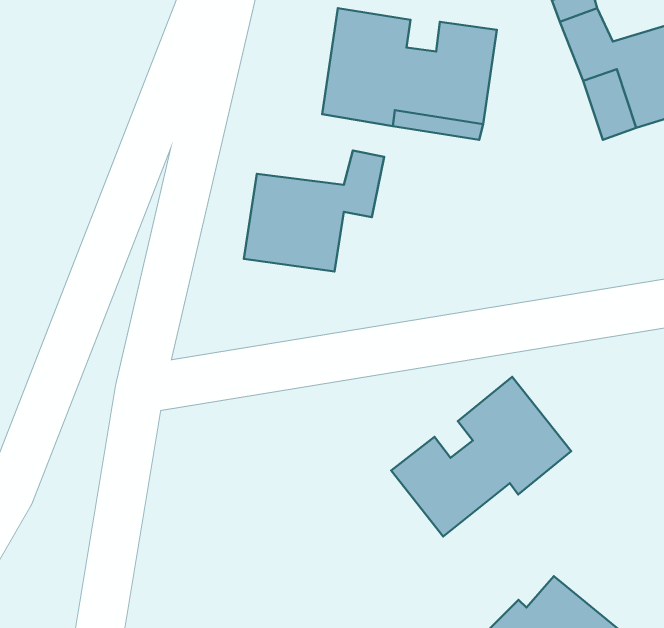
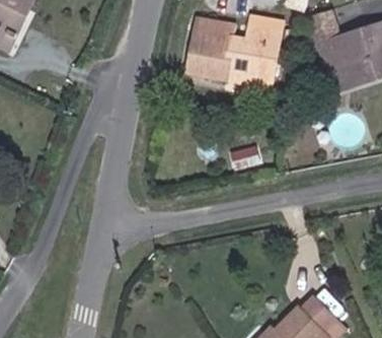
building: [244,150,384,271] -> none
building: [391,377,571,537] -> none

